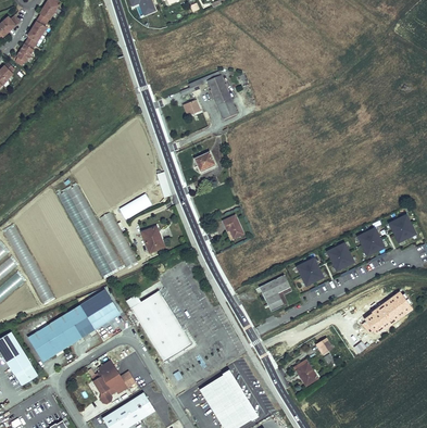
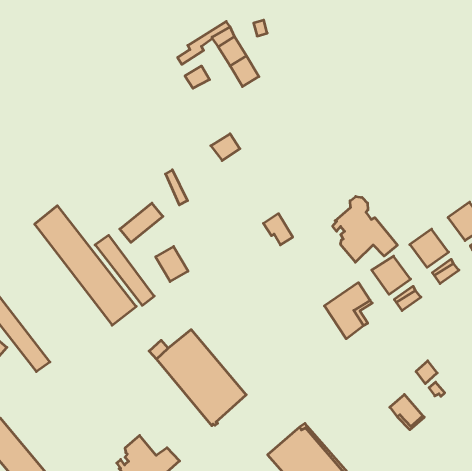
building: none -> [333,196,397,262]
building: [28,290,120,362] -> none

